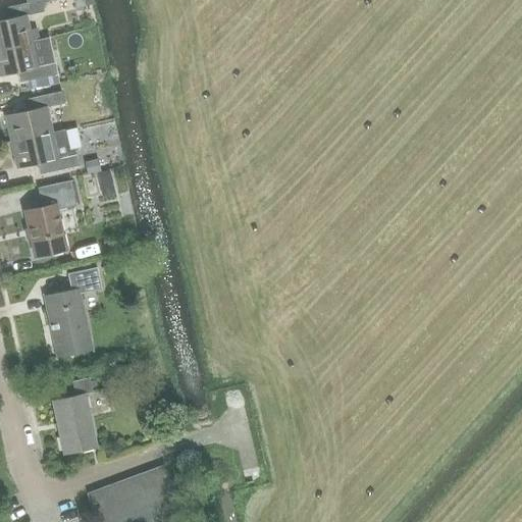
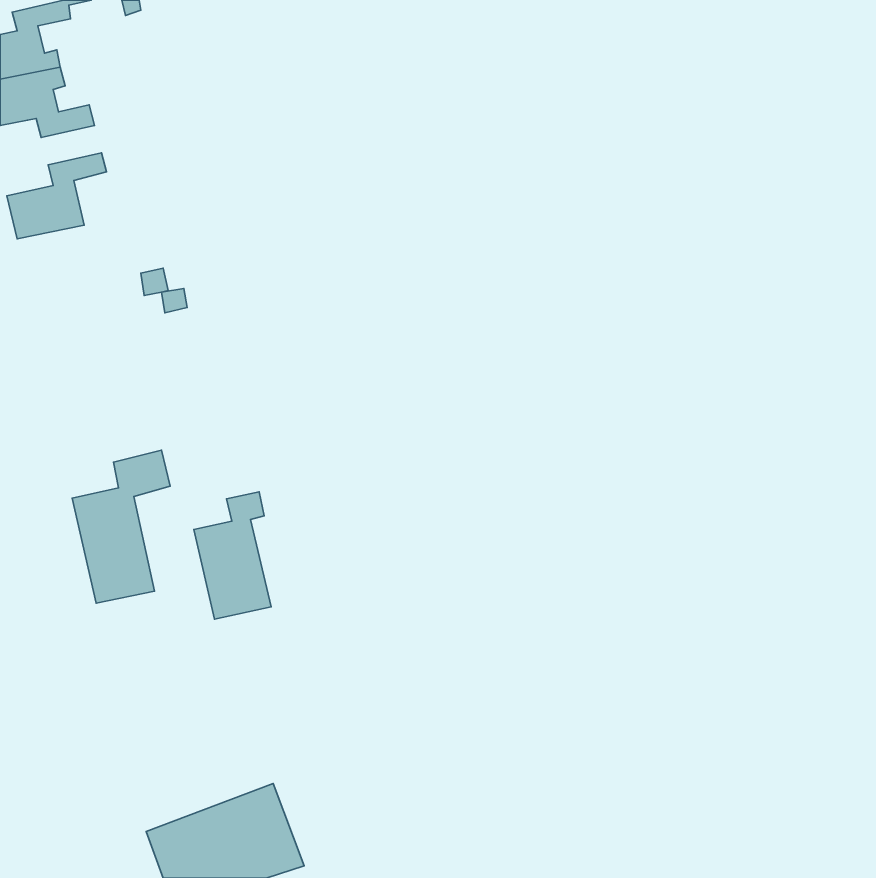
building: [11,130,79,174] -> none
building: [24,180,76,256] -> none
building: [52,378,98,454] -> [194,492,271,619]

